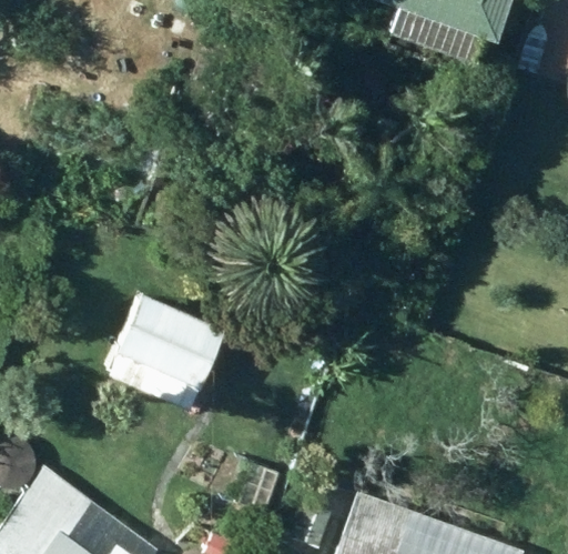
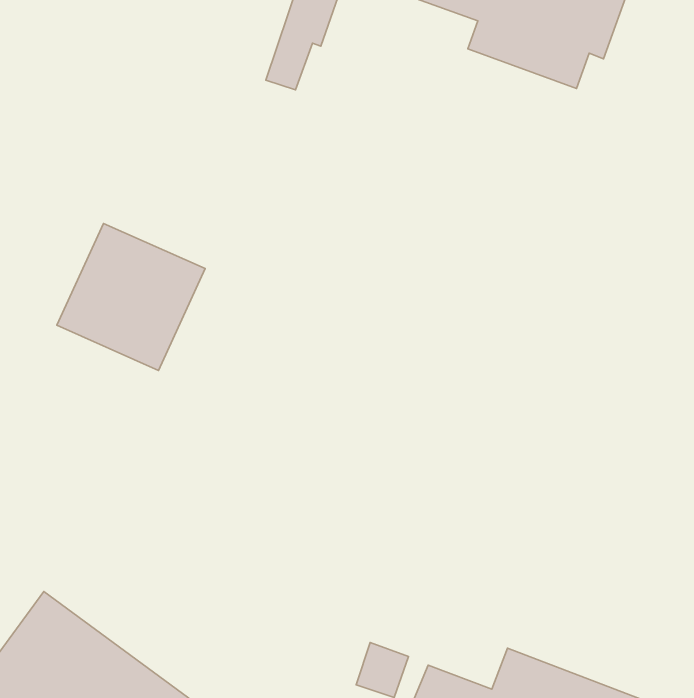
building: [108,296,224,412] -> [57,223,205,370]

